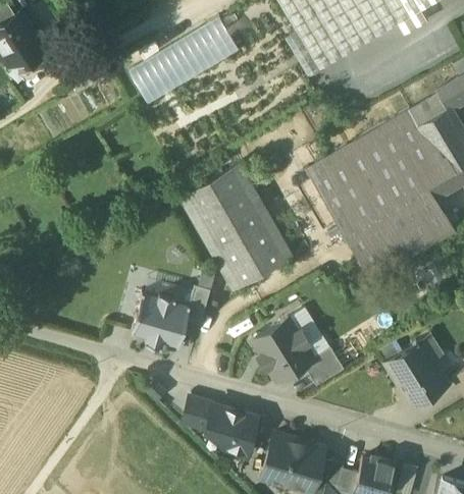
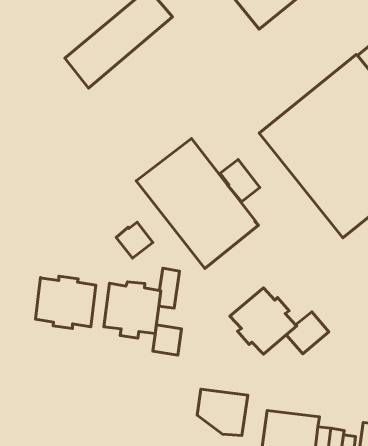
building: none -> [220,160,260,202]
building: none -> [116,222,153,258]
building: none -> [35,276,96,328]
building: [184,397,214,429] -> [153,325,182,355]

